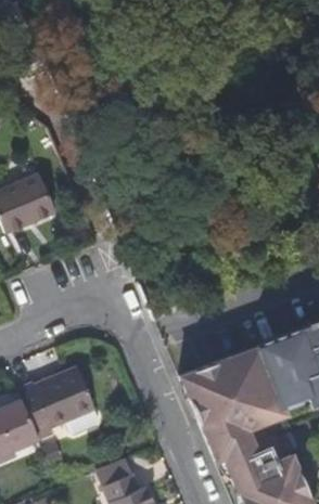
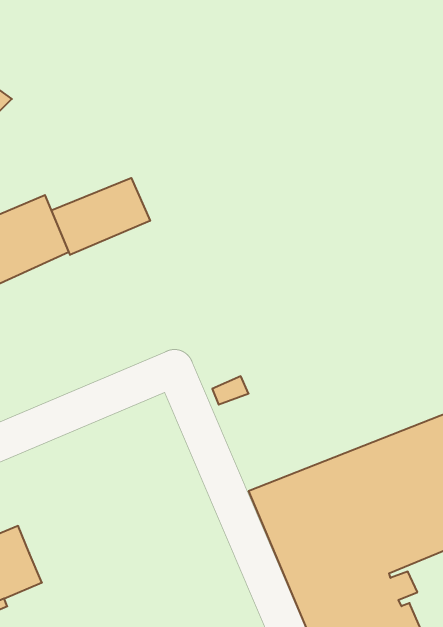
building: none -> [51,178,150,255]
building: [17,366,97,439] -> none

